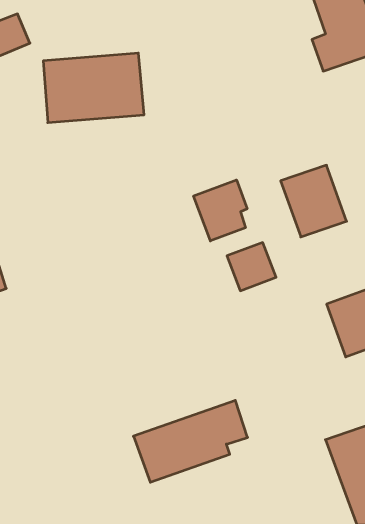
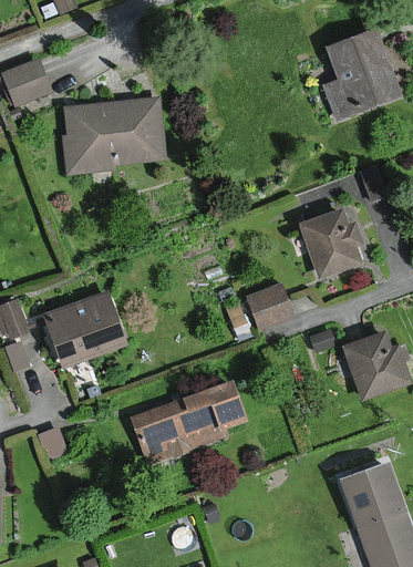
building: [194,180,247,241] -> none
building: none -> [43,290,126,364]
building: [133,400,248,482] -> [132,381,245,462]

